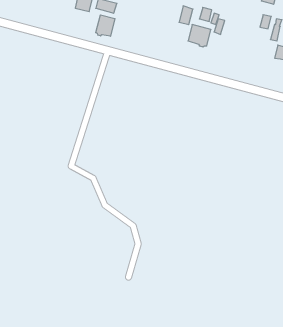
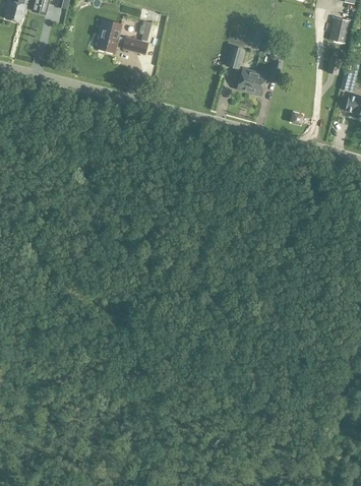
building: [96,15,115,36] -> none

